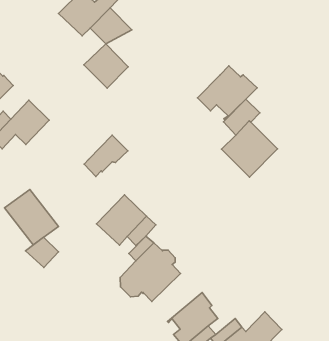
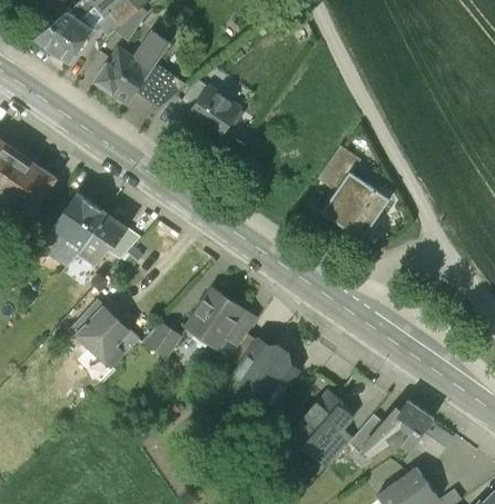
building: [84,44,128,88] -> [185,87,239,140]
building: [197,66,257,120] -> none
building: [84,135,128,176] -> [78,213,128,266]
building: [26,237,58,268] -> [141,320,181,357]

